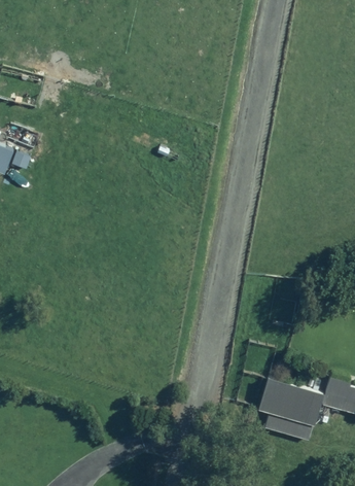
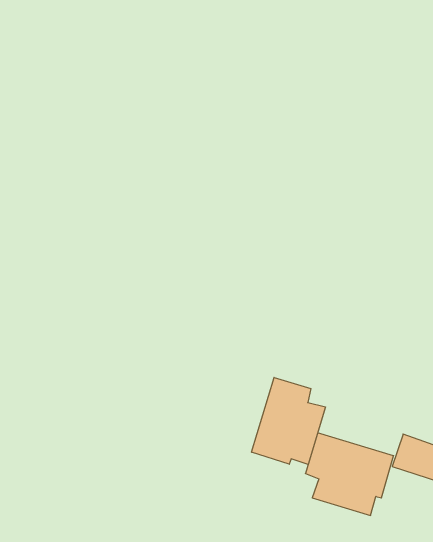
building: none -> [252,377,325,464]

